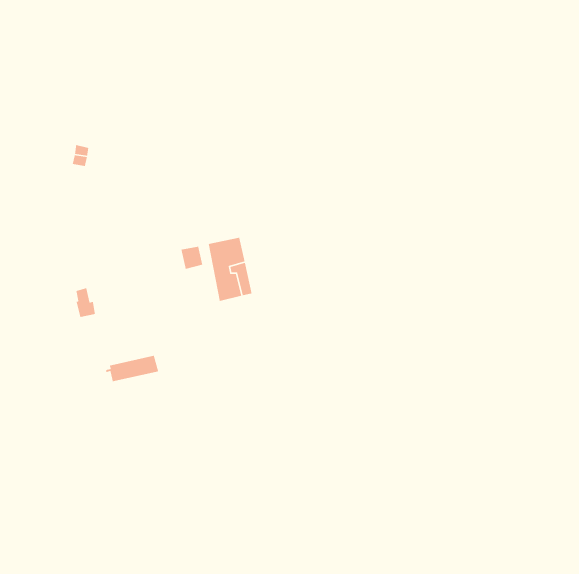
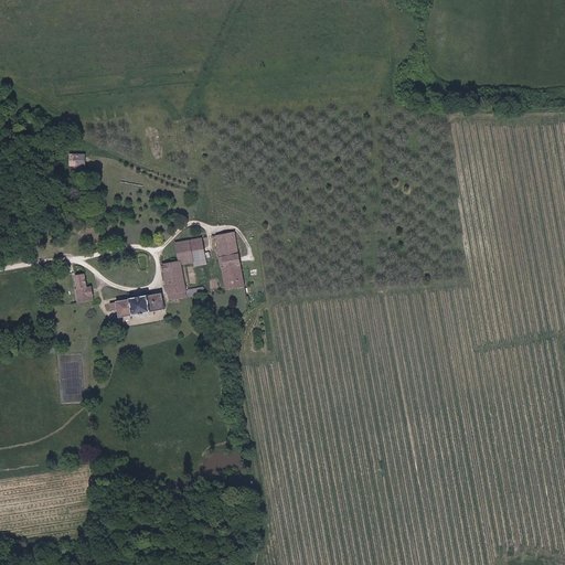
building: none -> [162,260,201,301]
building: [105,355,159,382] -> [110,294,162,320]

